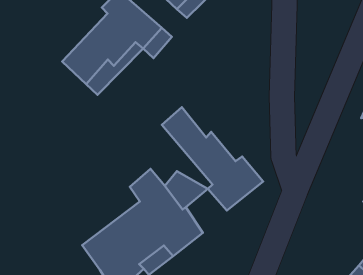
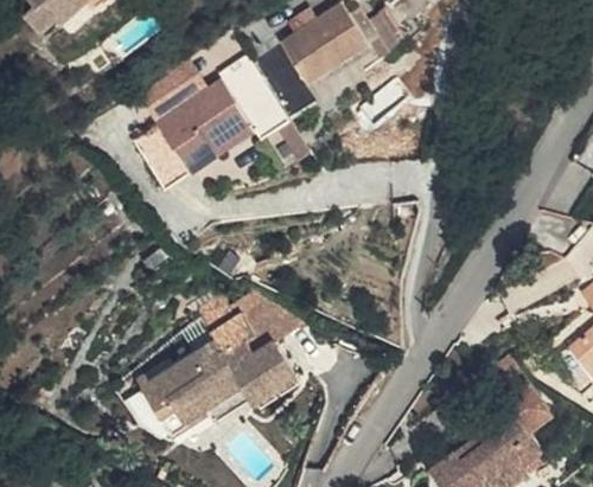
building: [162,107,263,210] -> none

